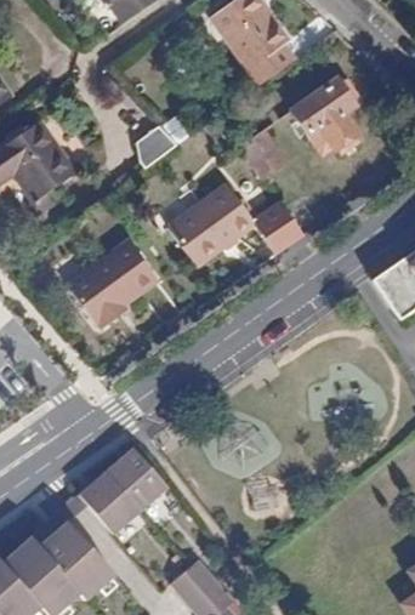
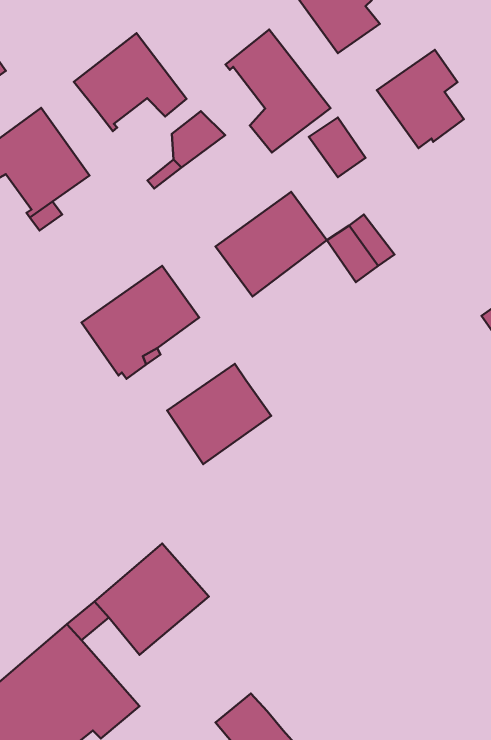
building: none -> [225,29,331,153]
building: none -> [74,33,186,131]
building: none -> [167,364,271,464]

